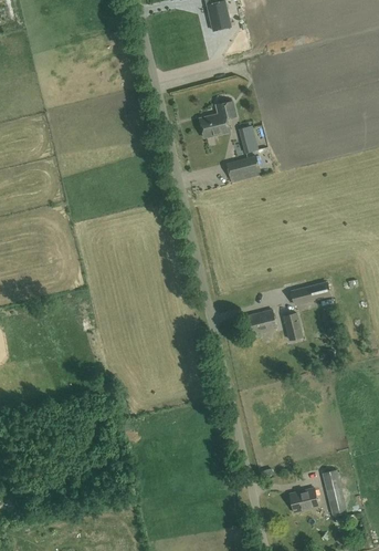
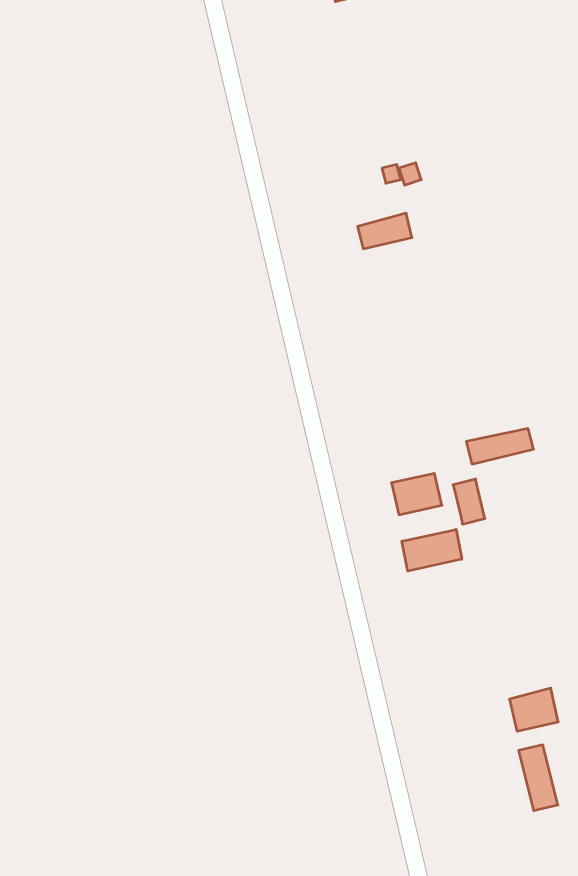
building: [199,102,235,138] -> none
building: none -> [402,529,462,571]
building: [288,487,317,512] -> [509,688,558,731]

